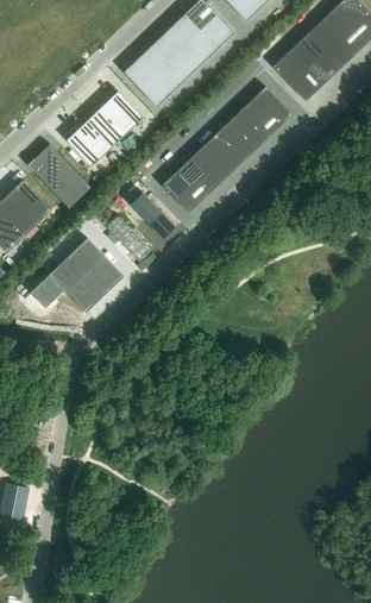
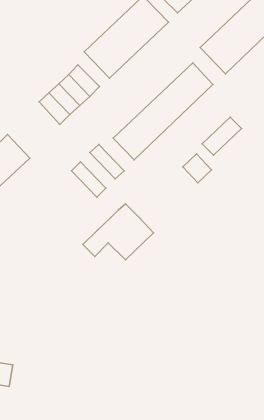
building: [27,145,90,209] -> none
building: none -> [202,117,241,155]
building: none -> [183,154,211,183]
building: [25,234,118,308] -> [83,204,154,260]

